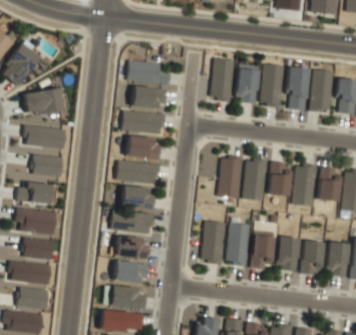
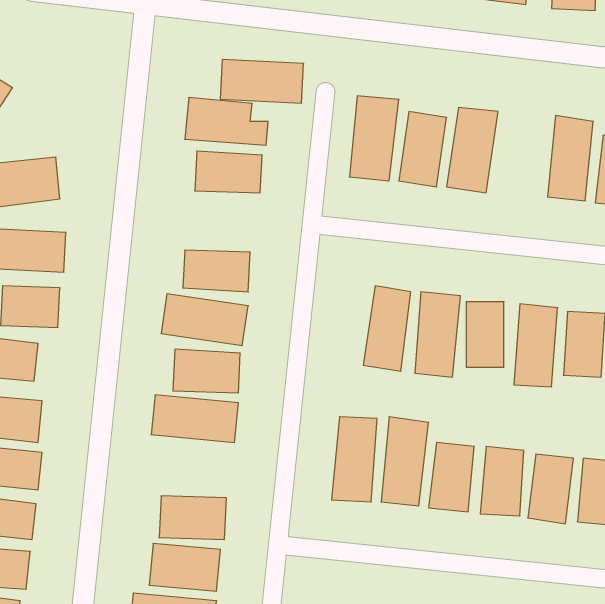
building: [285,65,310,109] -> none
building: [122,110,164,132] -> [220,60,304,103]
building: [115,236,149,258] -> none

